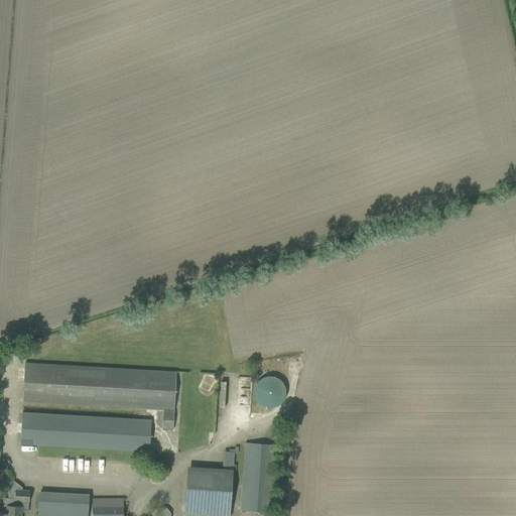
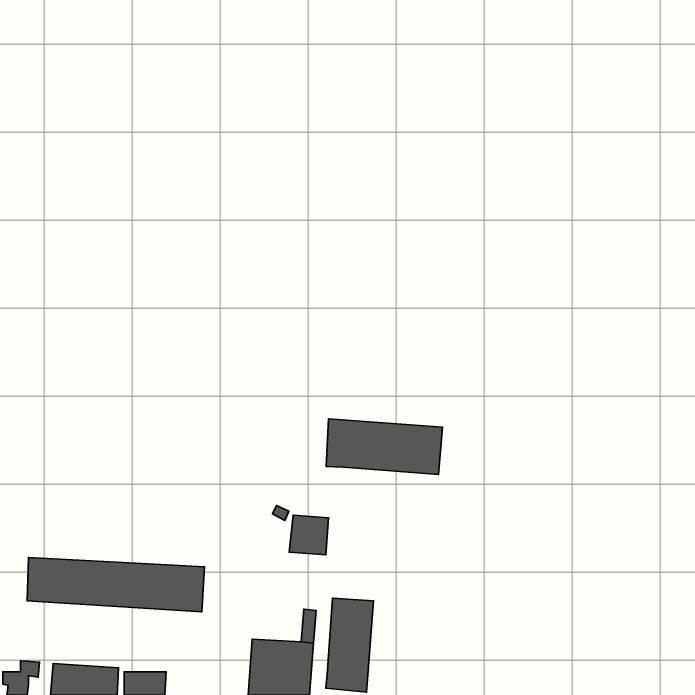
building: none -> [326,419,442,475]
building: [23,363,176,430] -> none
building: [255,376,284,405] -> [289,515,329,555]

